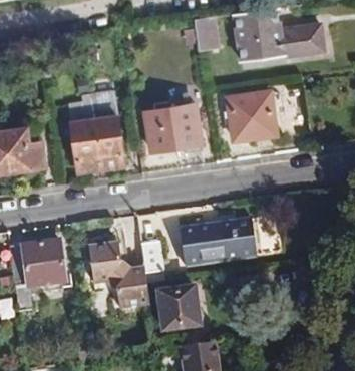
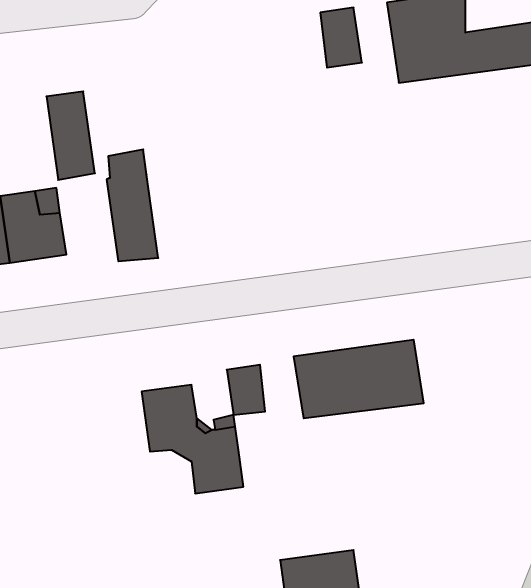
building: [227,91,275,138] -> none
building: [141,104,198,149] -> none
building: [91,113,120,166] -> [46,91,95,180]
building: [9,240,64,287] -> none
building: [157,285,199,329] -> none

